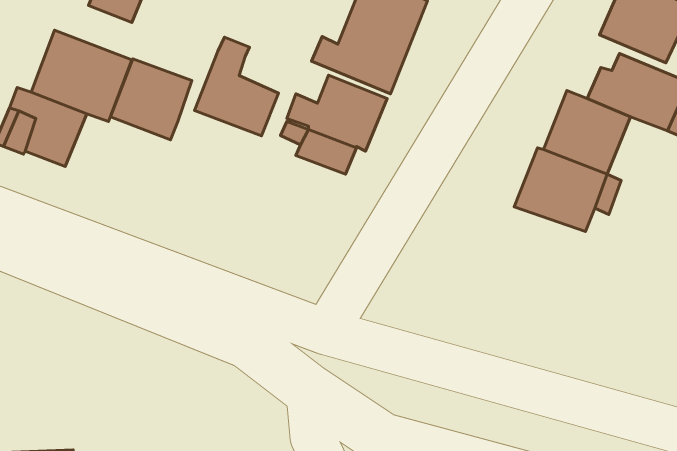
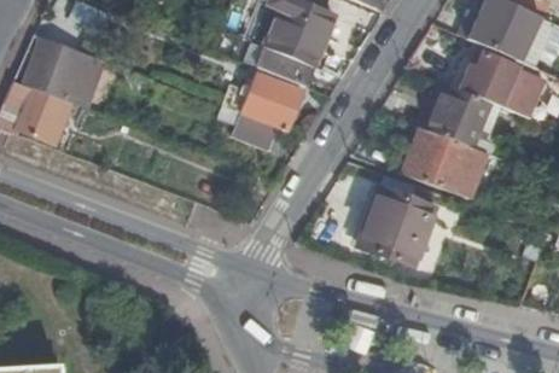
building: [194,37,278,136] -> none
building: [110,59,192,140] -> none
building: none -> [360,186,436,264]

